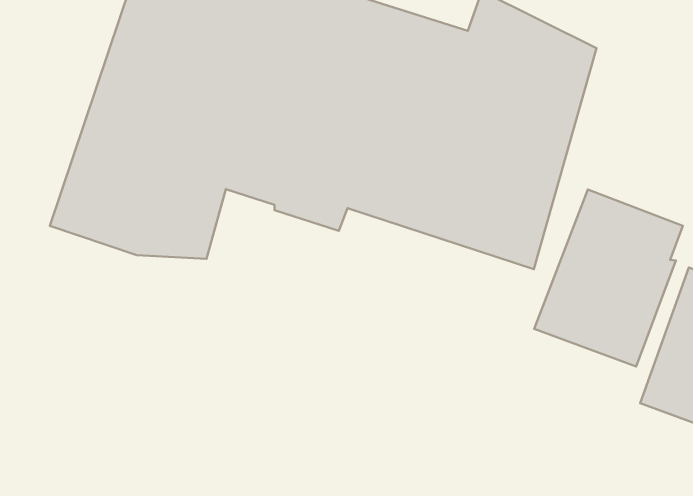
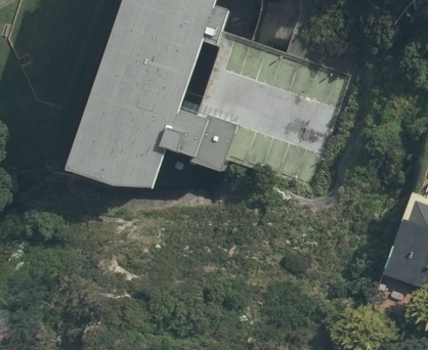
building: [534,190,683,367] -> none

